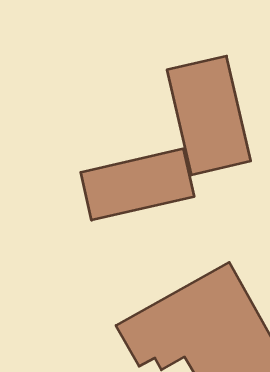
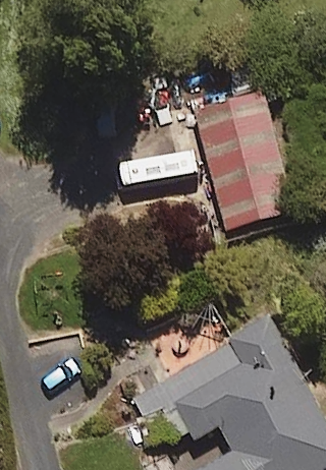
building: [81,149,194,220] -> none

